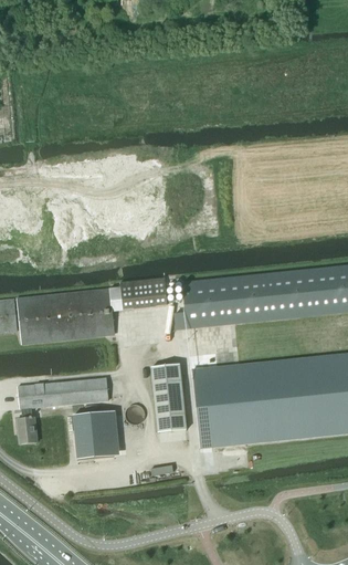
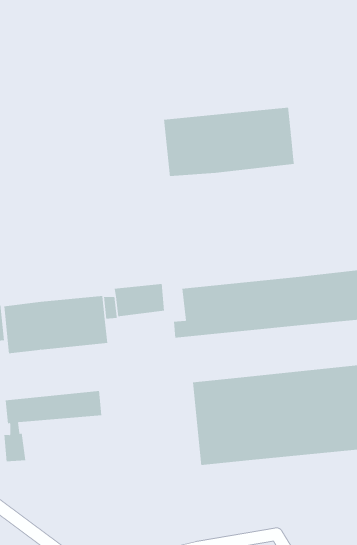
building: none -> [163,107,295,177]
building: [151,363,187,432] -> none
building: [72,410,114,458] -> none

